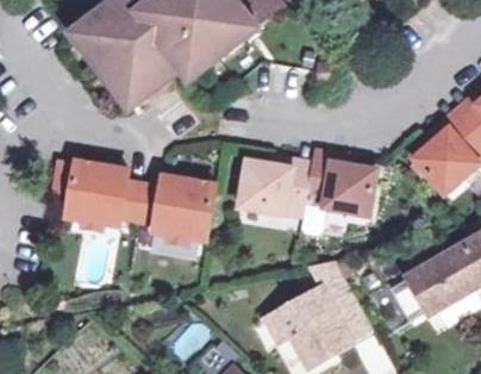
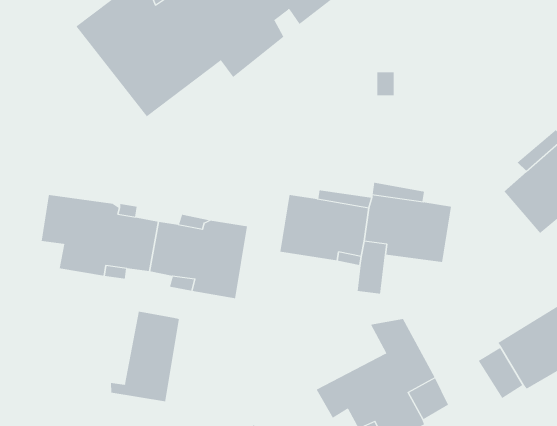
building: none -> [110,311,179,402]

